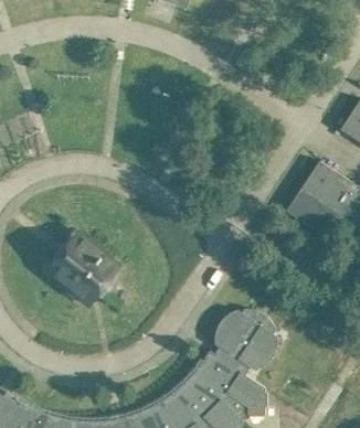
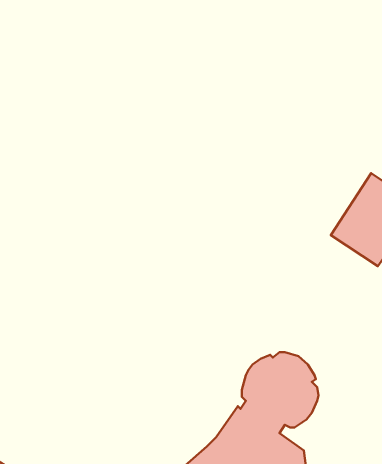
building: [39,227,120,308] -> none

